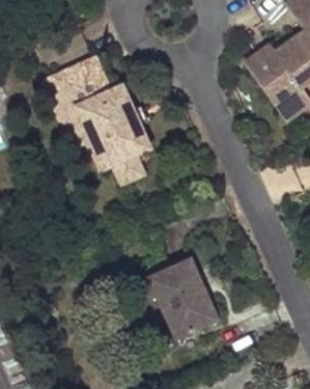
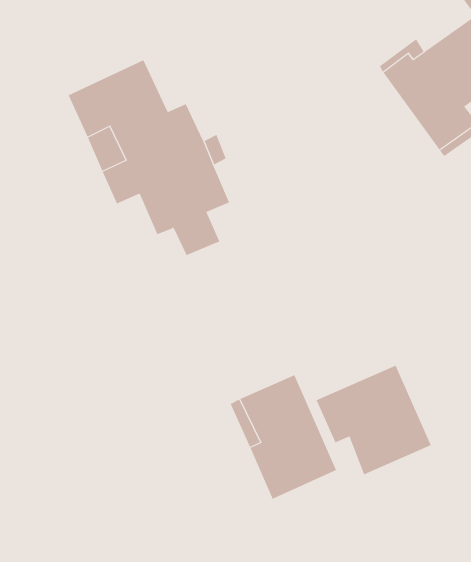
building: none -> [316,365,431,475]

